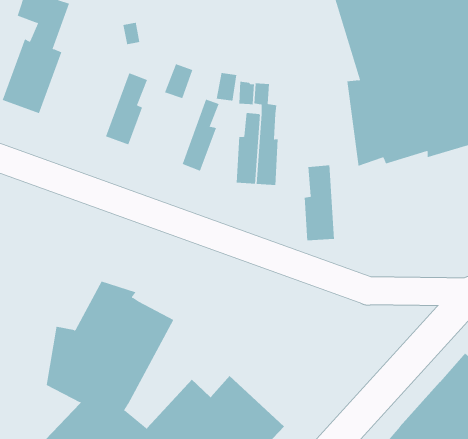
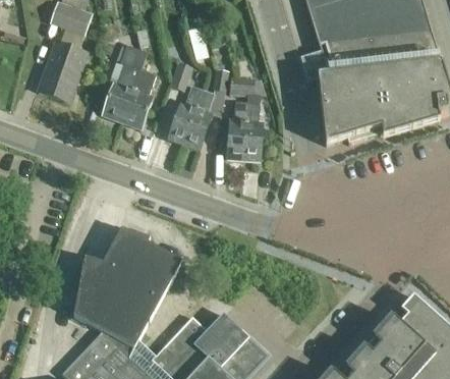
building: none -> [102,42,147,118]
building: none -> [168,84,203,141]
building: [304,165,334,241] -> none

